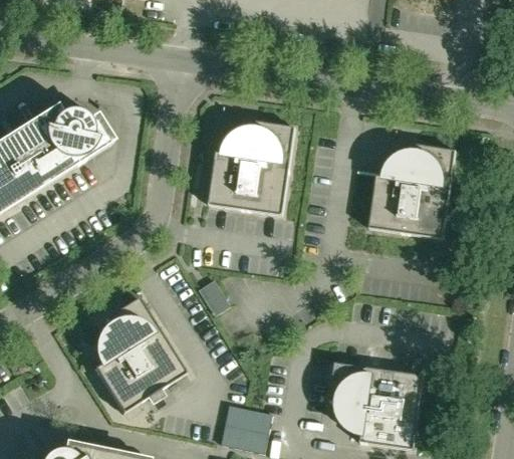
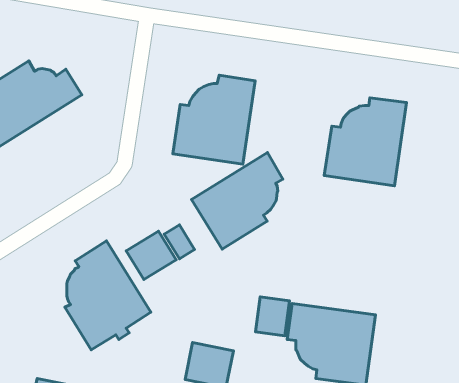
building: none -> [191,153,283,249]
building: none -> [126,231,176,280]
building: none -> [256,297,290,336]

